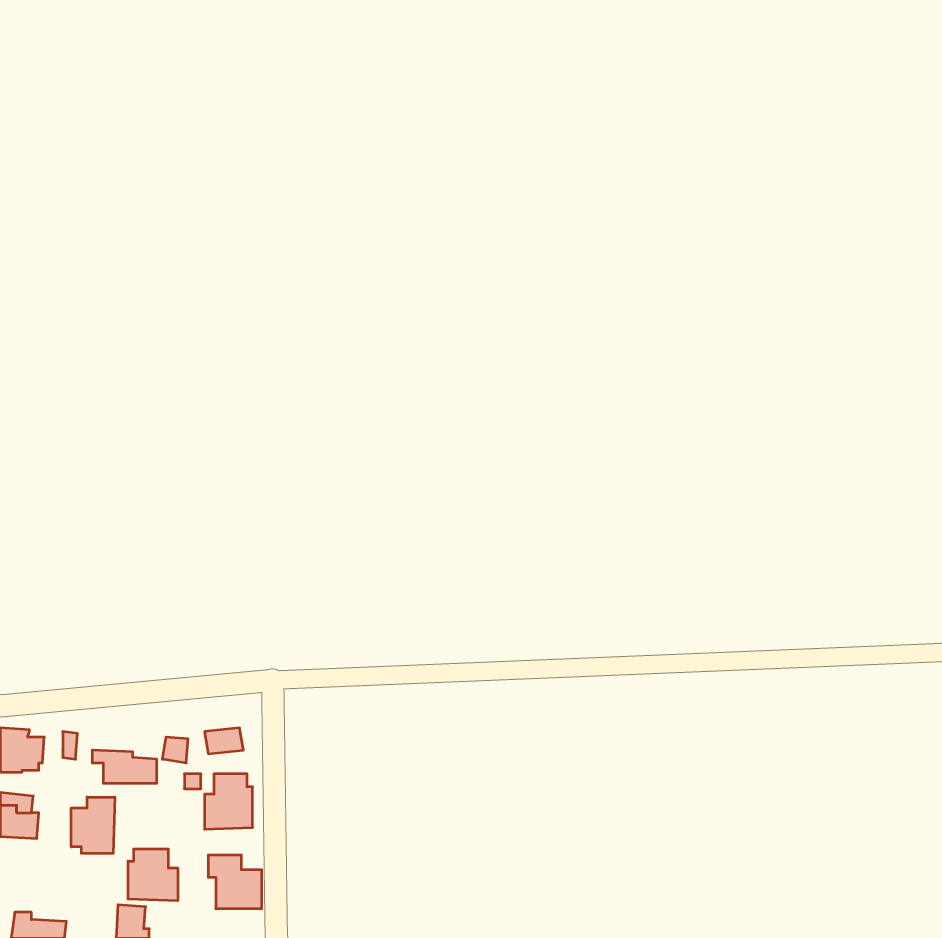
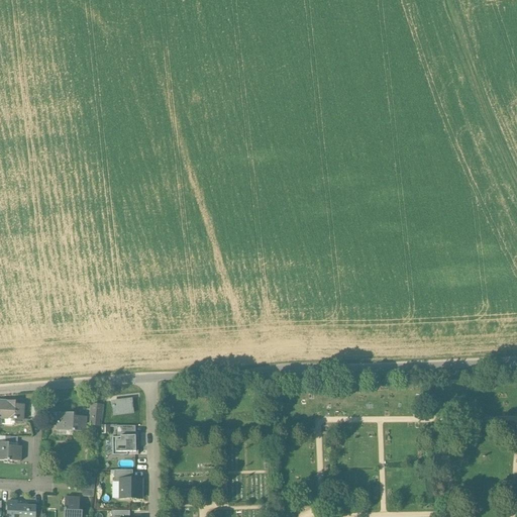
building: [71,797,115,853] -> none
building: [128,849,178,901] -> none

